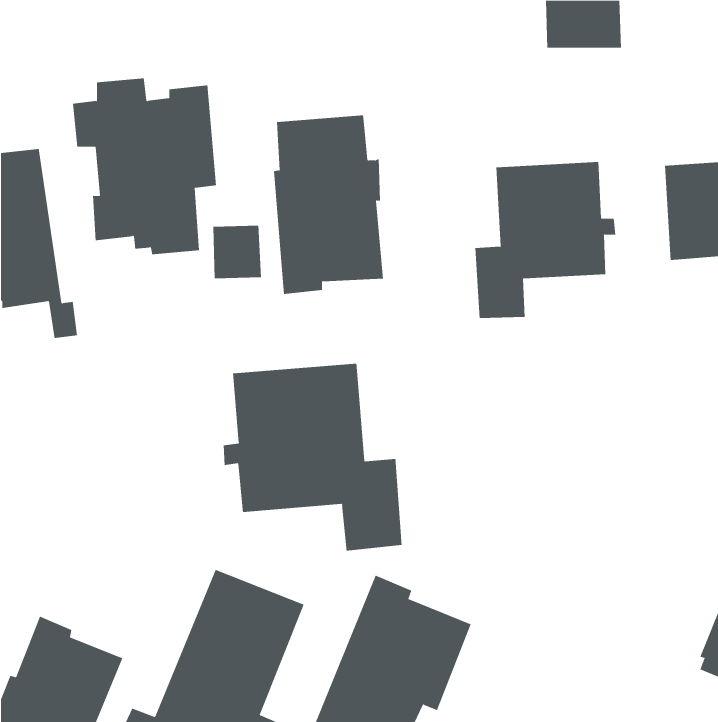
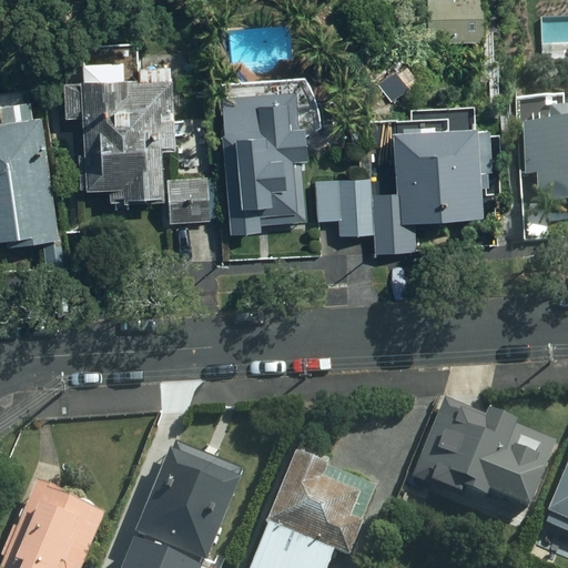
building: none -> [317,180,376,234]
building: [223,363,402,552] -> none
building: none -> [419,416,556,510]

